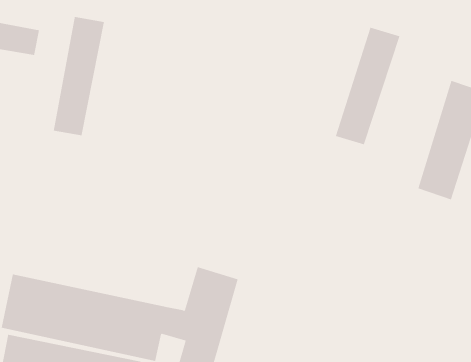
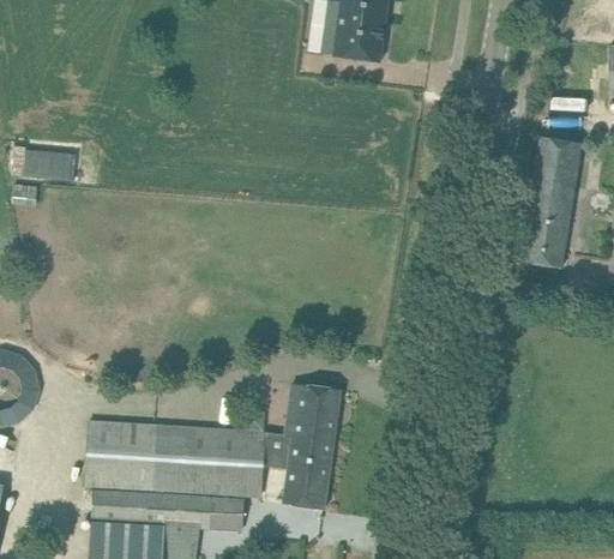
building: [53,16,104,136] -> none
building: [335,27,400,145] -> none

